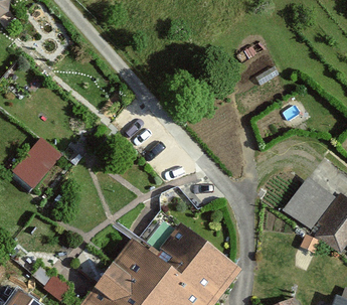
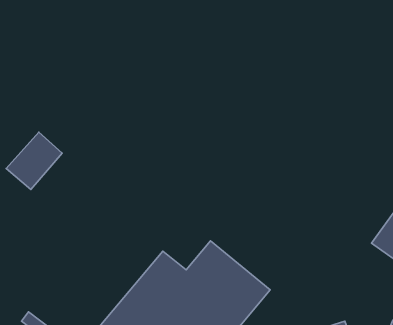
building: [285,177,335,228] -> none

